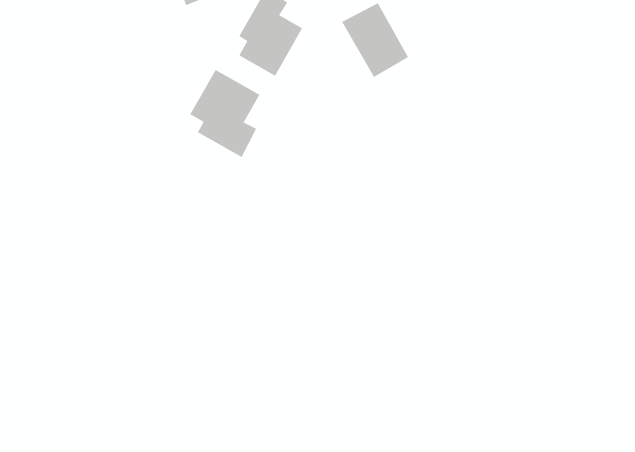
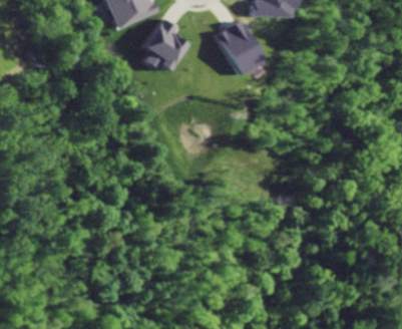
building: [190,69,260,158] -> none

